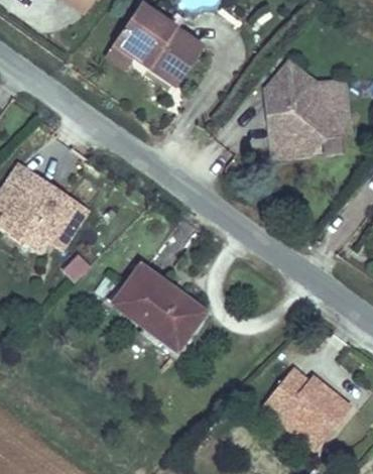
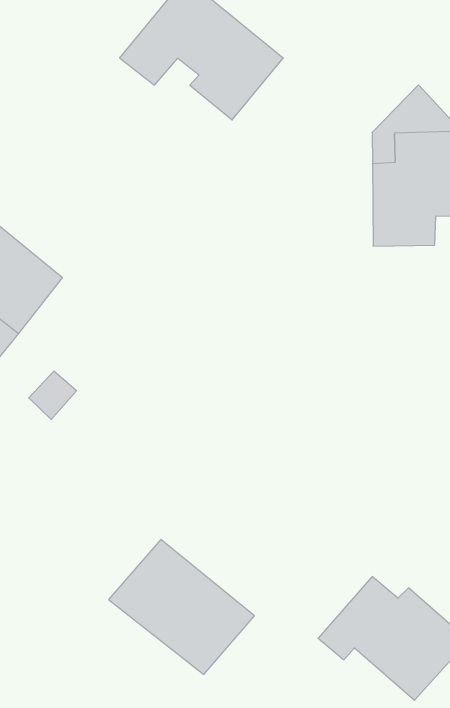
building: [114,265,206,347] -> [109,539,254,674]

